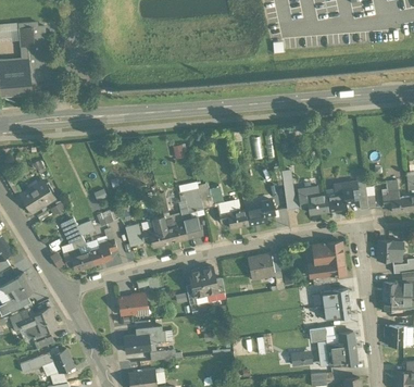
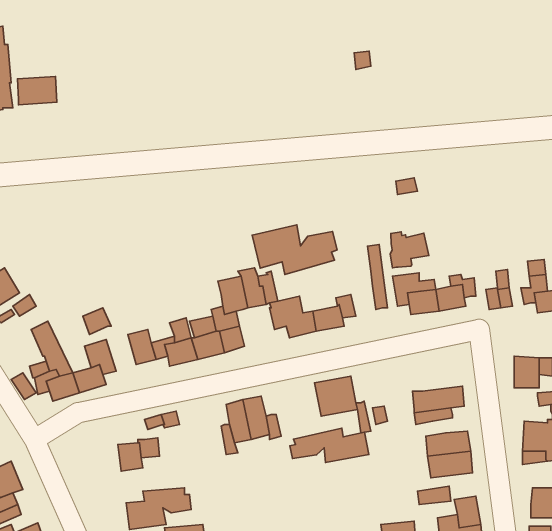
building: none -> [17,76,57,105]
building: none -> [252,225,337,275]
building: none -> [390,232,429,268]
building: [315,241,343,263] -> none
building: none -> [290,428,369,462]

